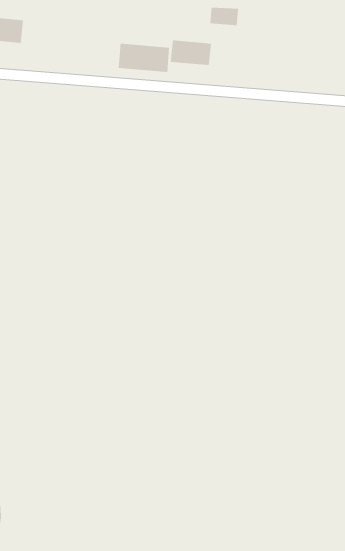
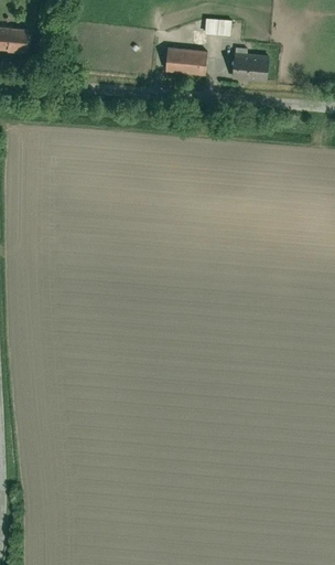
building: [118,43,169,73] -> none
building: none -> [233,53,269,81]

